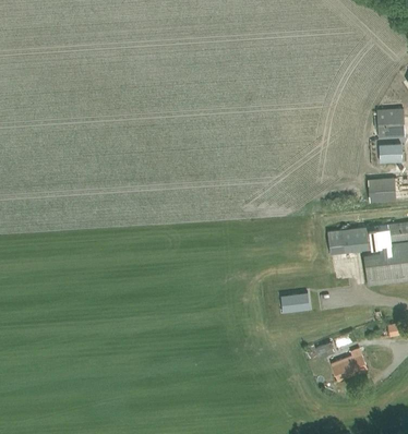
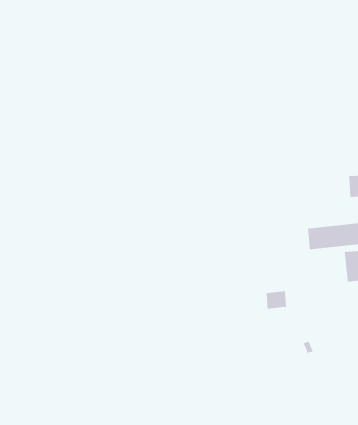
building: [331,348,367,379] -> none

